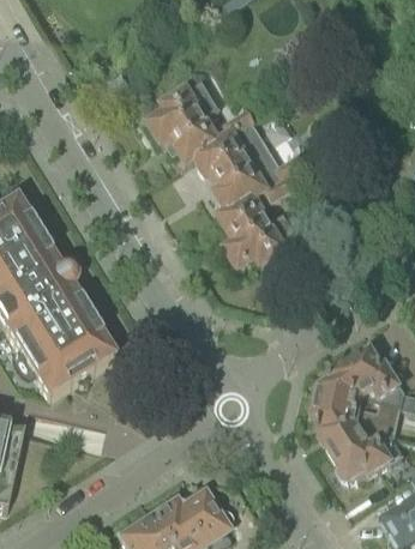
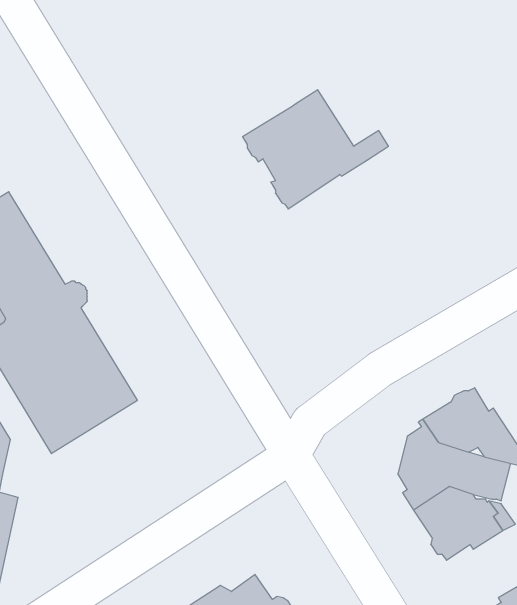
building: [146,80,249,159] -> none
building: [217,173,296,265] -> none

